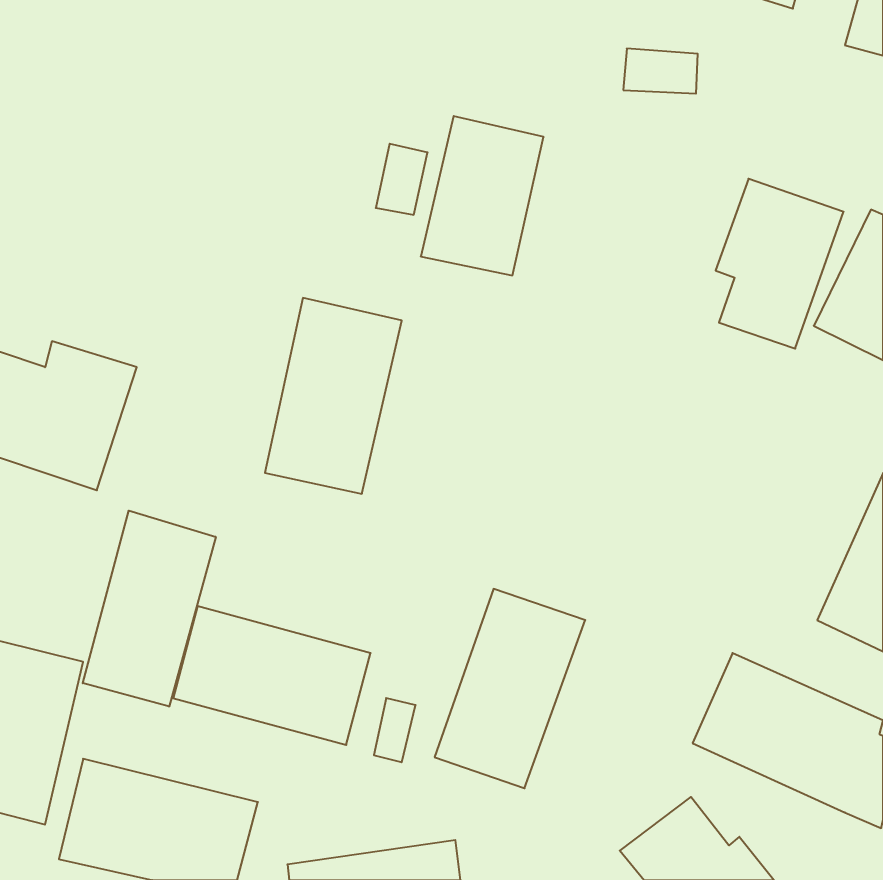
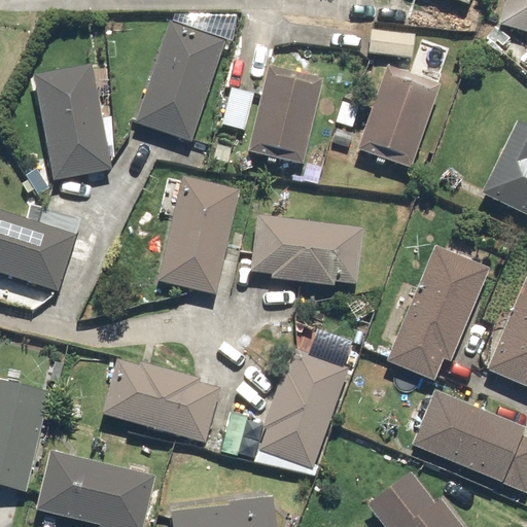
building: none -> [136,22,229,141]
building: none -> [36,63,112,180]
building: [716,179,844,349] -> [364,66,441,167]
building: none -> [254,217,364,287]
building: none -> [385,244,491,382]
building: [83,511,216,707] -> none

